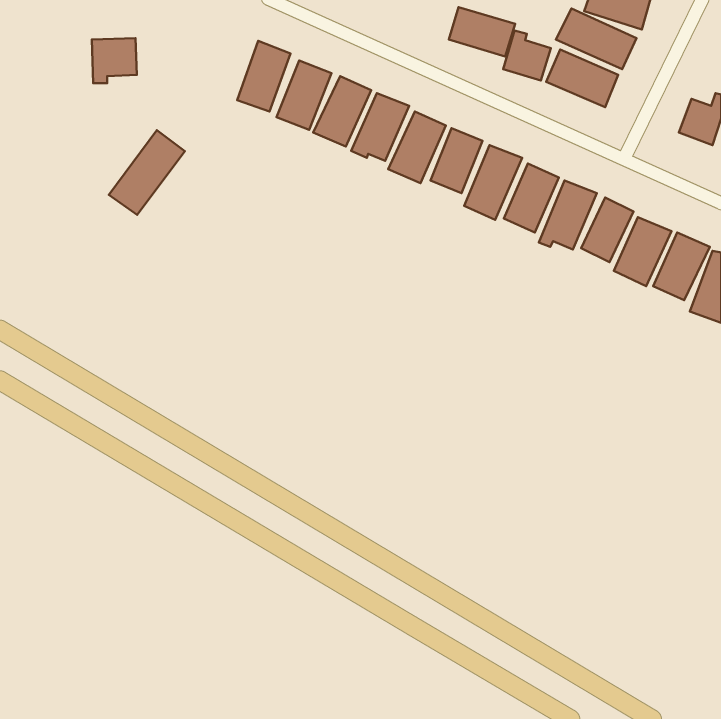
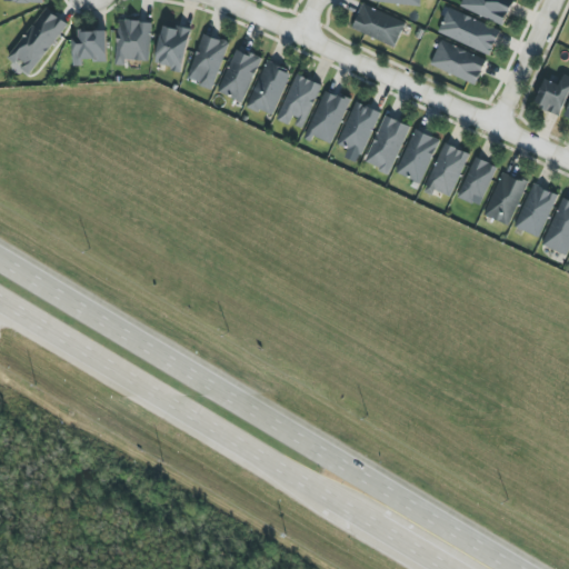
building: none -> [116,19,152,64]
building: none -> [156,23,191,70]
building: [503,31,551,80] -> none
building: [109,130,185,215] -> [8,7,68,73]

